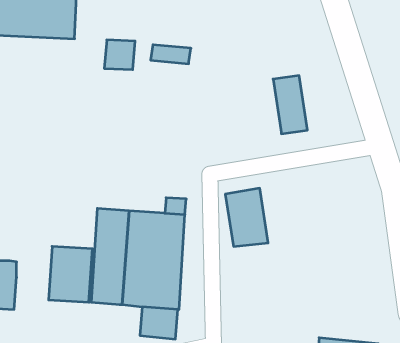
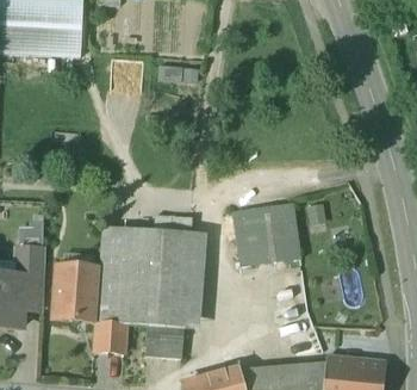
building: [273,76,307,134] -> [267,203,301,261]
building: none -> [15,246,43,297]
building: none -> [95,321,126,352]

